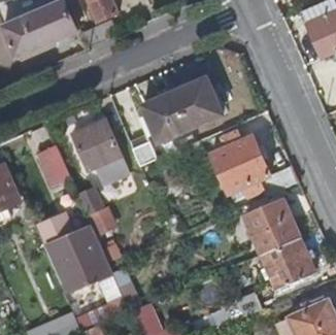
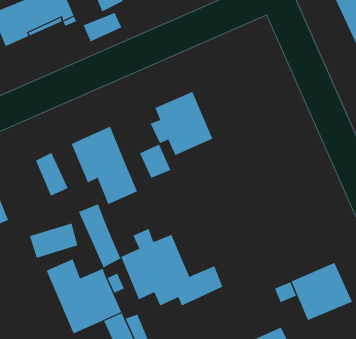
building: [177,77,223,131] -> none
building: [208,130,297,197] -> [120,228,223,306]
building: [246,197,300,253] -> none

